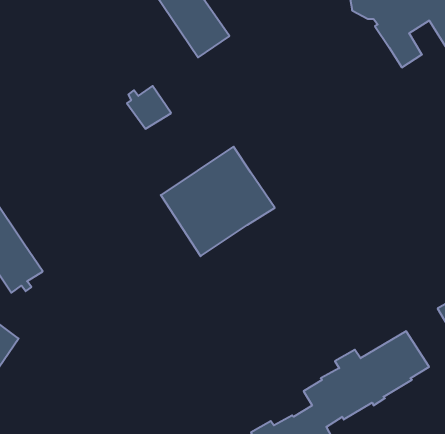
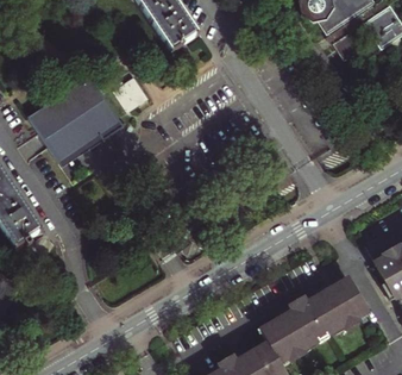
building: [161,147,275,256] -> [30,74,125,165]

